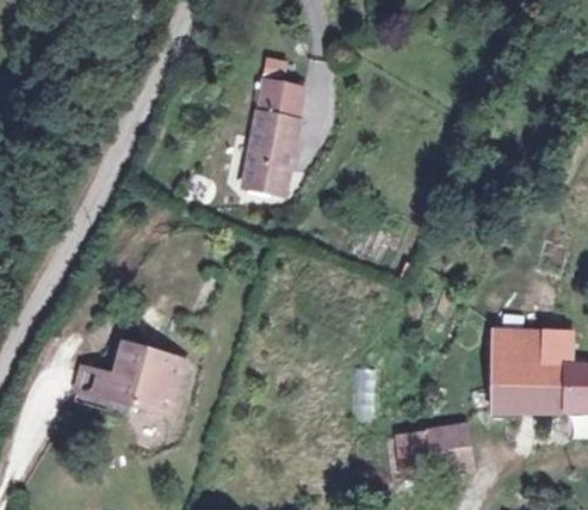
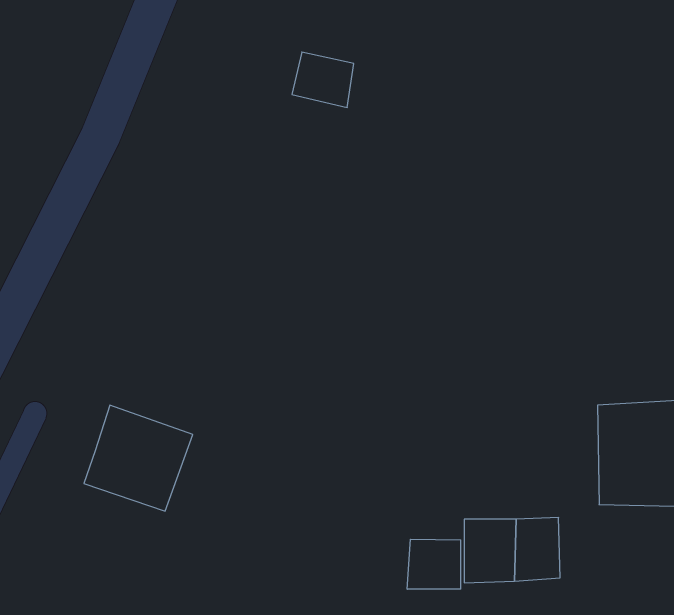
building: [247,109,302,191] -> none
building: [69,360,117,405] -> none
building: none -> [407,539,461,589]

